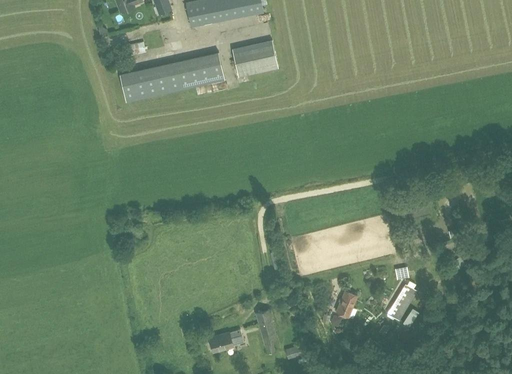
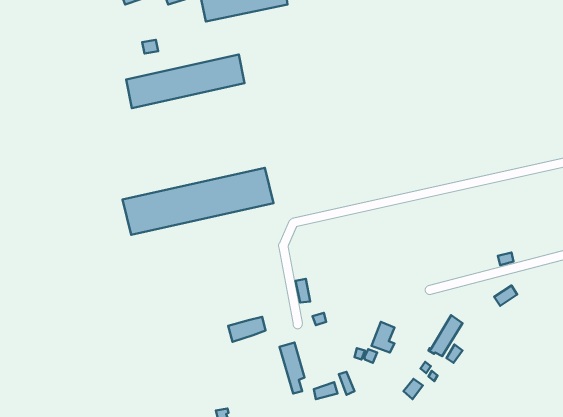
building: [232,42,278,75] -> none
building: none -> [122,168,274,235]
building: [210,328,243,350] -> [228,317,266,342]

